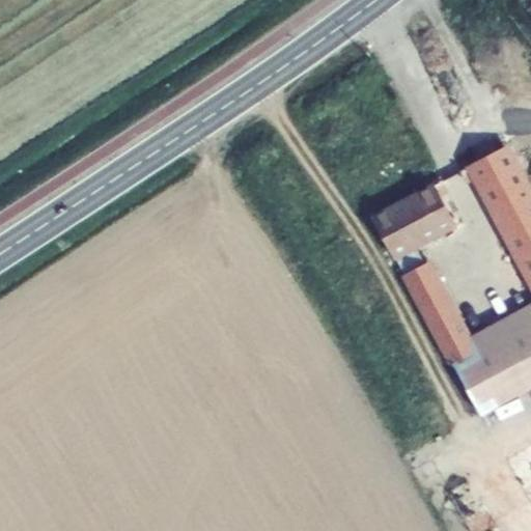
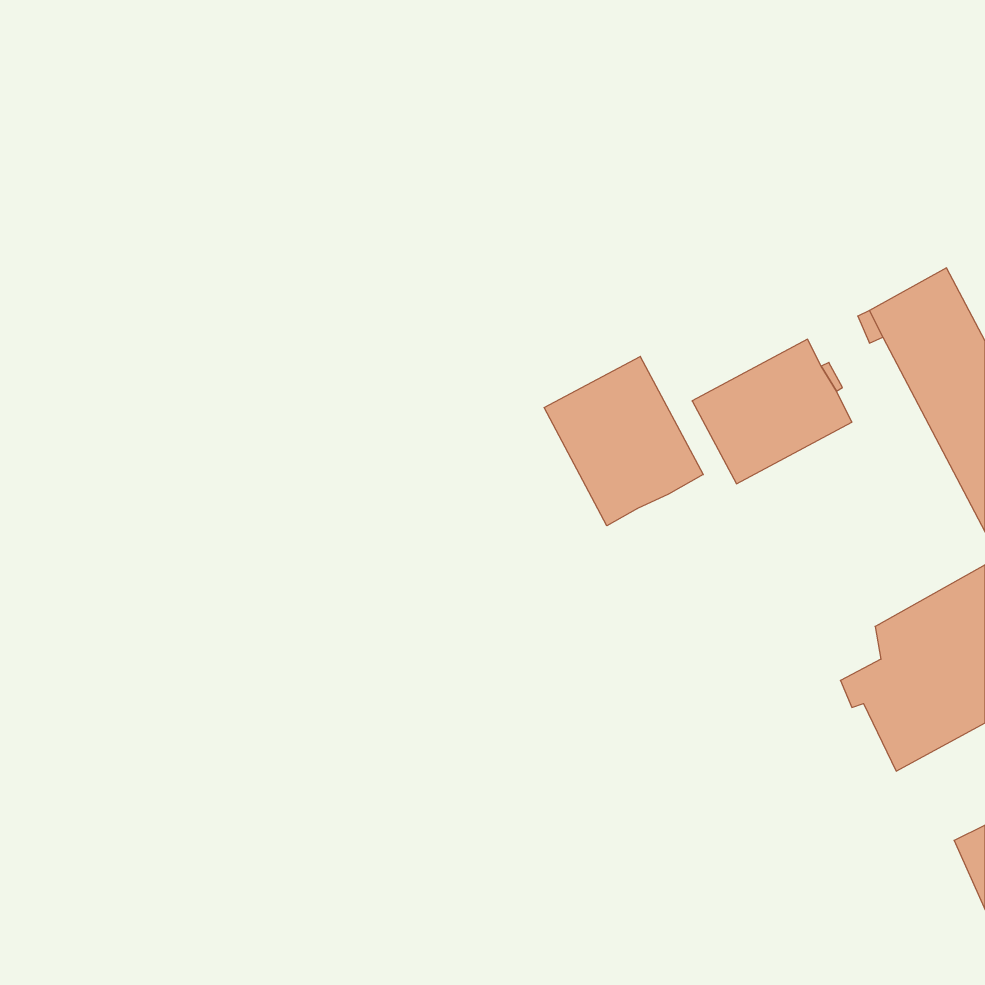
building: none -> [544,356,703,526]
building: [402,260,474,366] -> none

